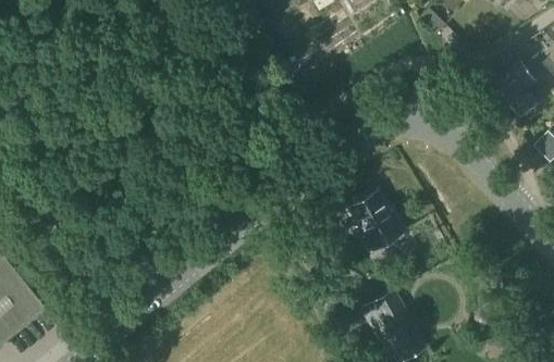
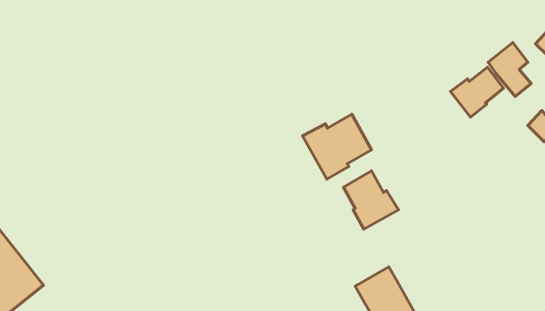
building: none -> [450,67,504,117]
building: none -> [302,114,372,179]

